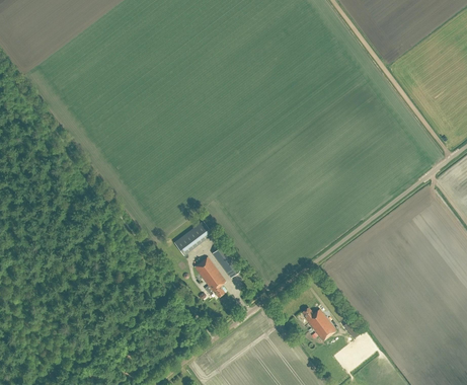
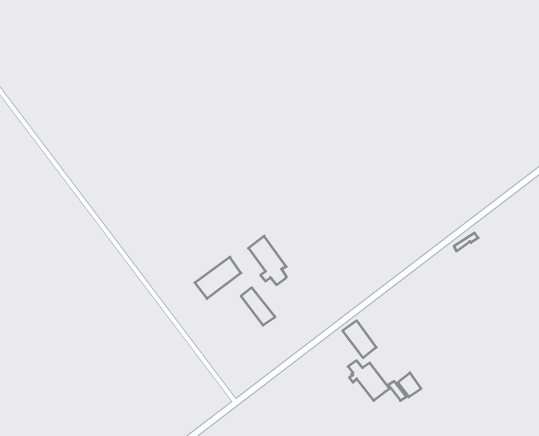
building: [194,256,226,297] -> [248,236,286,285]
building: none -> [343,321,376,358]

